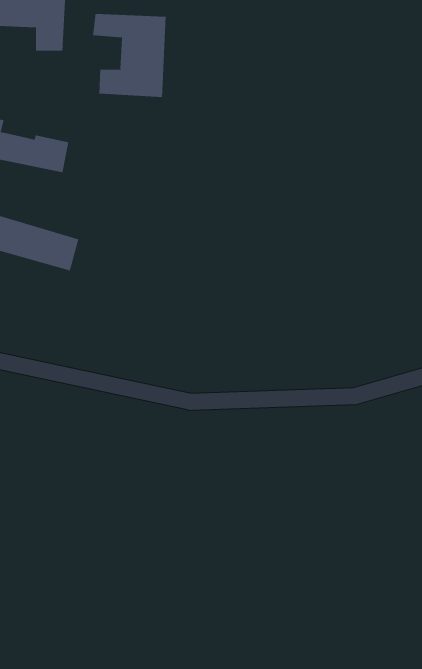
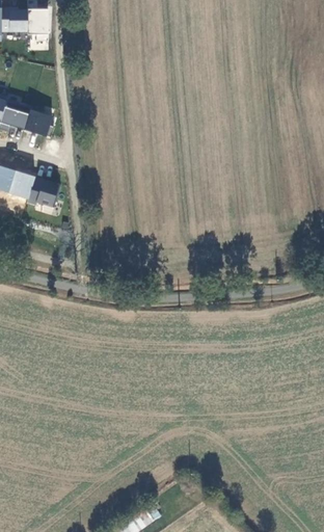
building: [93,13,166,98] -> none

